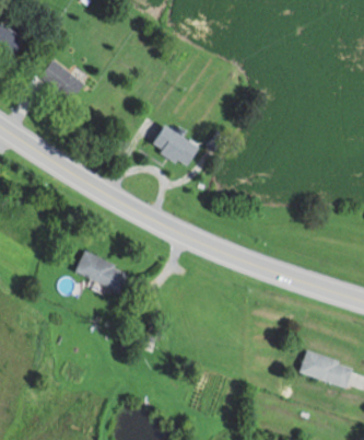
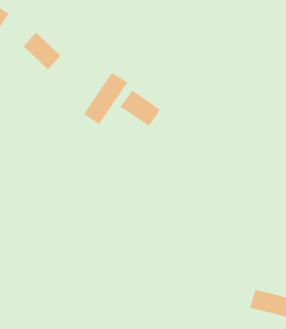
building: none -> [83,72,128,125]
building: [74,250,130,292] -> none

